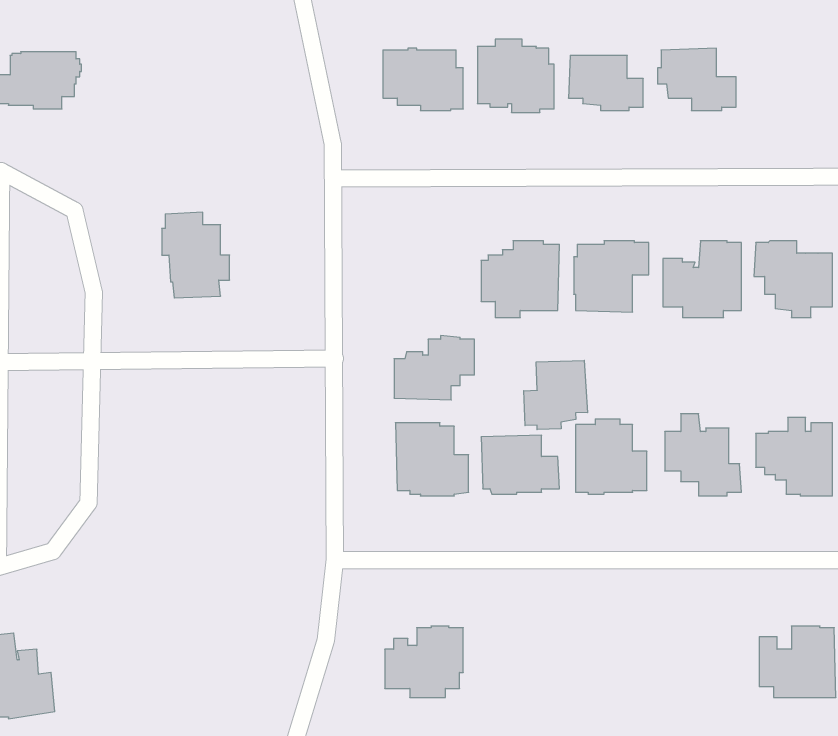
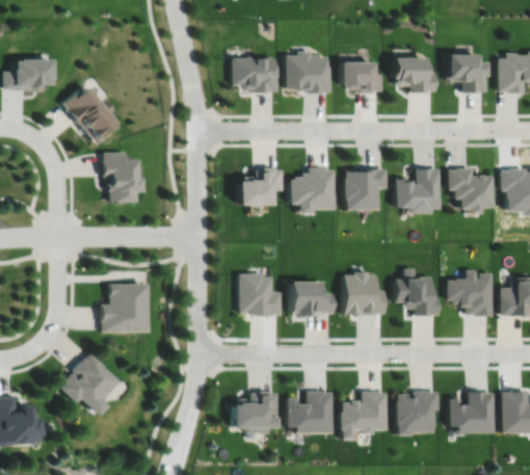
building: none -> [448,52,486,91]
building: none -> [63,85,118,142]
building: [394,336,474,400] -> [234,166,281,204]
building: [524,360,588,430] -> none
building: none -> [100,284,147,332]
building: none -> [60,353,117,416]
building: none -> [287,392,333,433]
building: none -> [340,392,387,440]
building: none -> [396,392,439,436]

